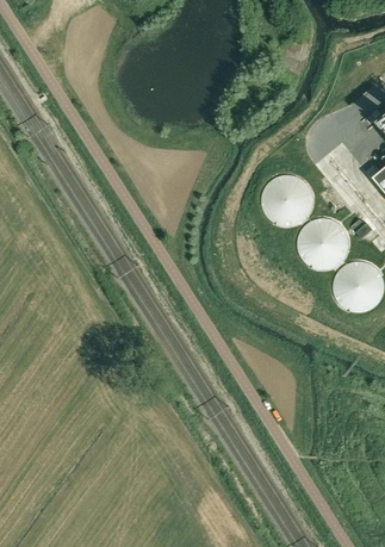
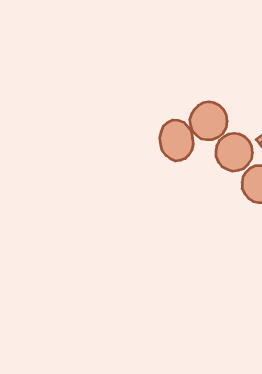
building: none -> [160,120,193,161]

